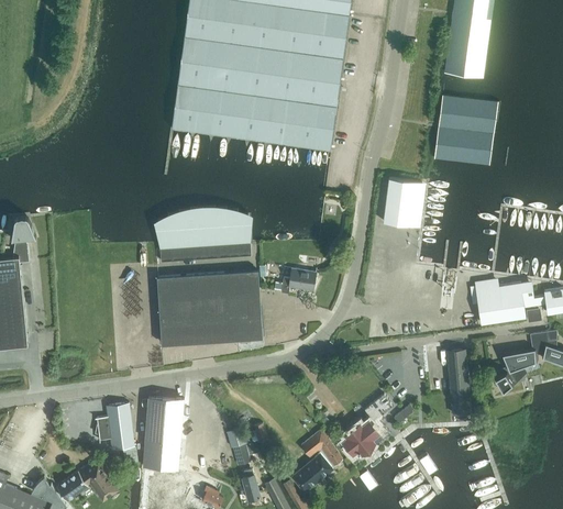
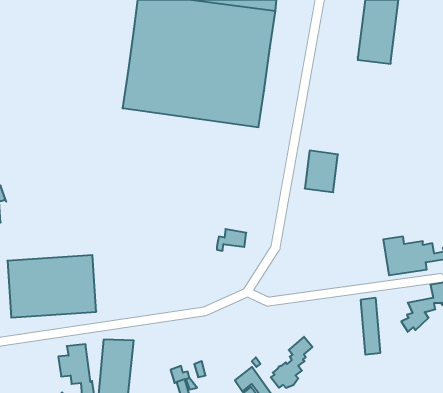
building: [433,96,498,165] -> none
building: [157,208,251,262] -> none
building: [157,272,261,344] -> [7,255,96,317]

